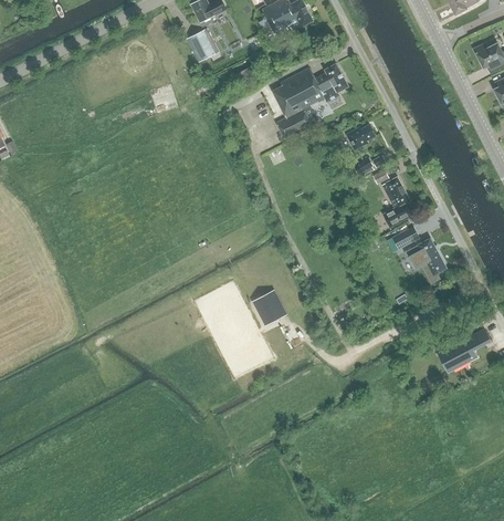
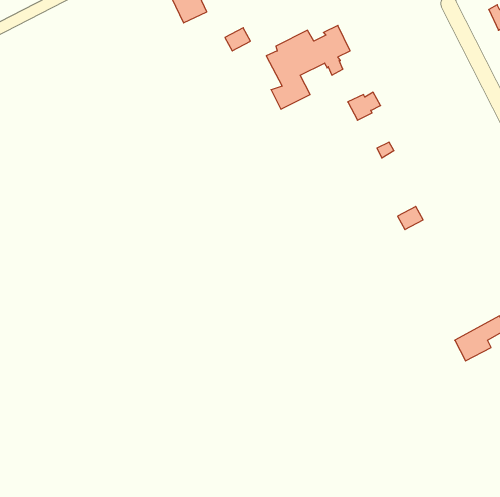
building: [382,177,411,226] -> none
building: [412,238,447,274] -> none
building: [252,289,287,324] -> none

